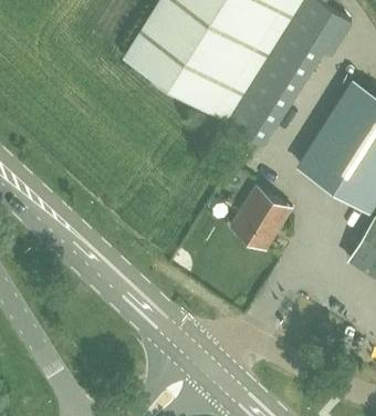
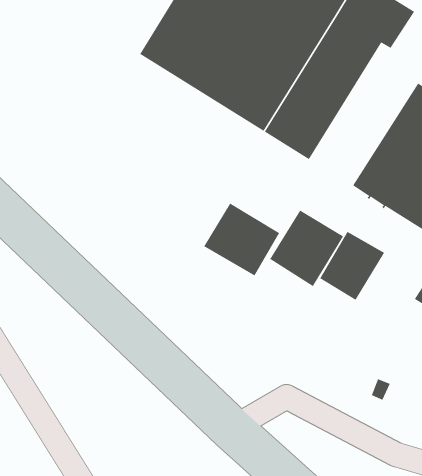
building: none -> [203,203,280,276]
building: none -> [319,231,385,301]

